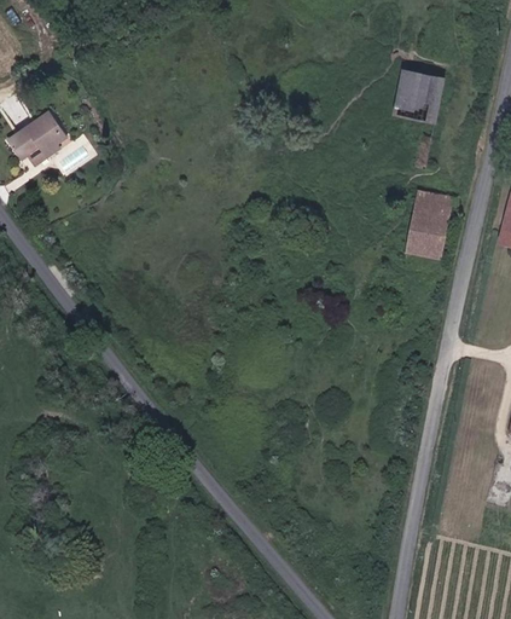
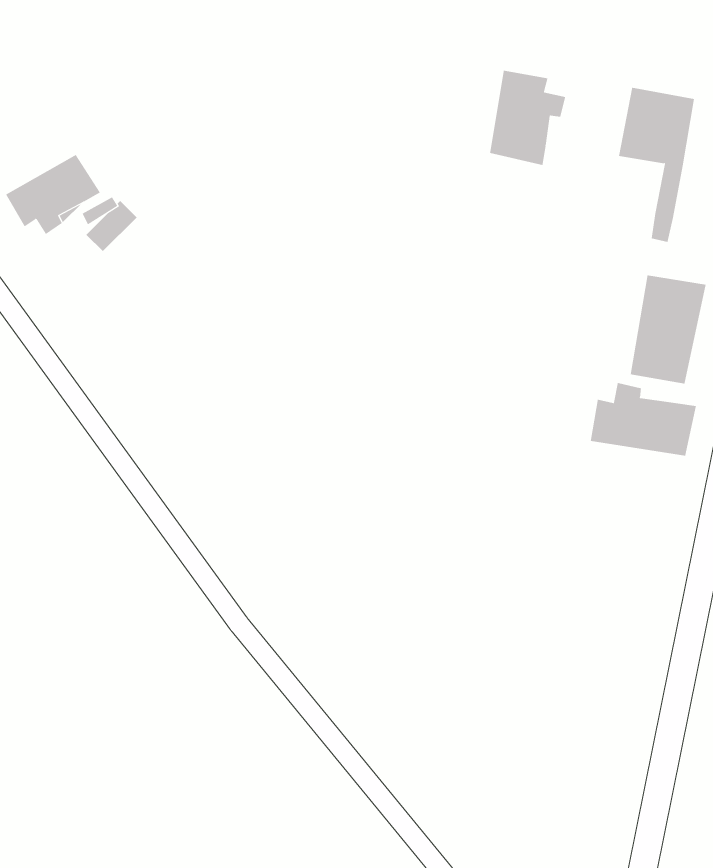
building: none -> [490,70,566,166]
building: none -> [590,382,697,457]

